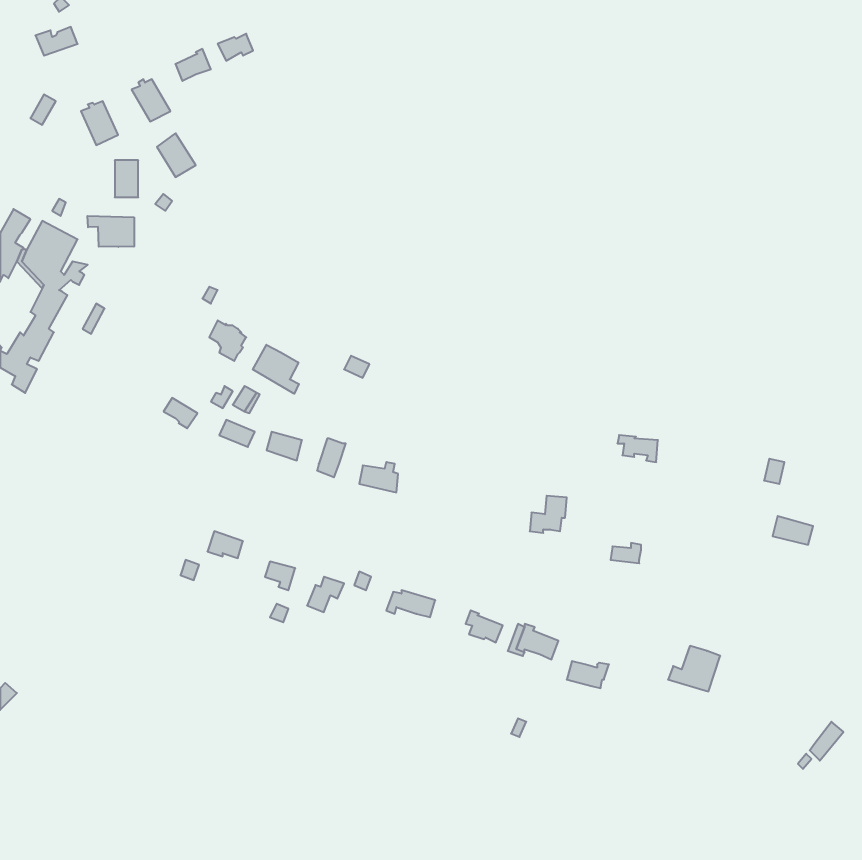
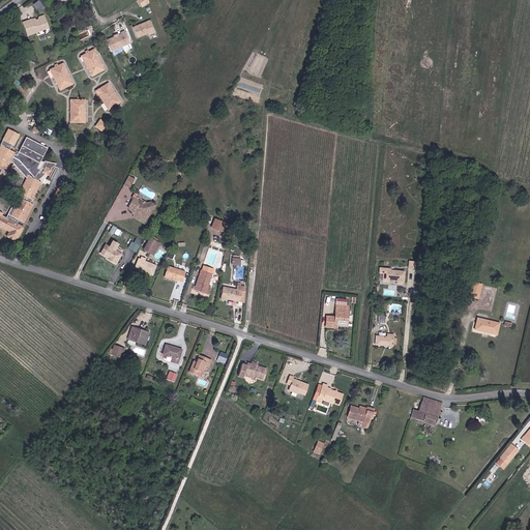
building: [87,216,134,247] -> none
building: [253,345,299,394] -> none

